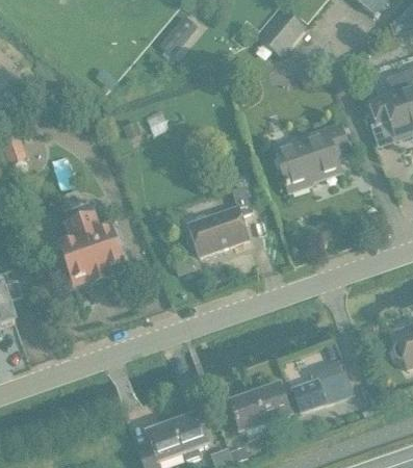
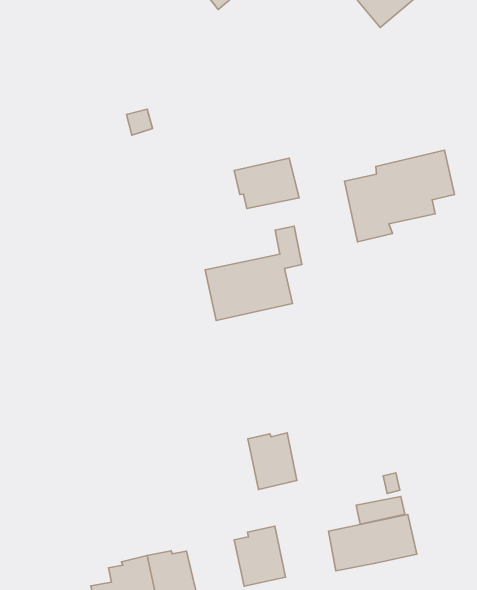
building: none -> [234,158,299,209]
building: [60,215,124,281] -> none
building: [255,382,291,422] -> [248,433,297,490]

